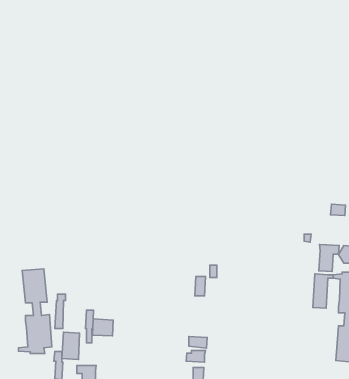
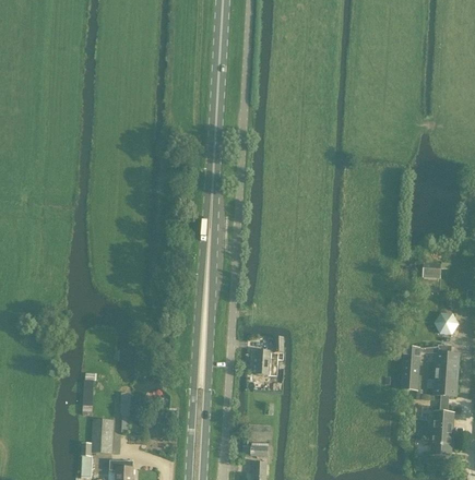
building: [319,244,339,272] -> none
building: [19,269,52,353] -> none
building: [92,319,113,336] -> none

